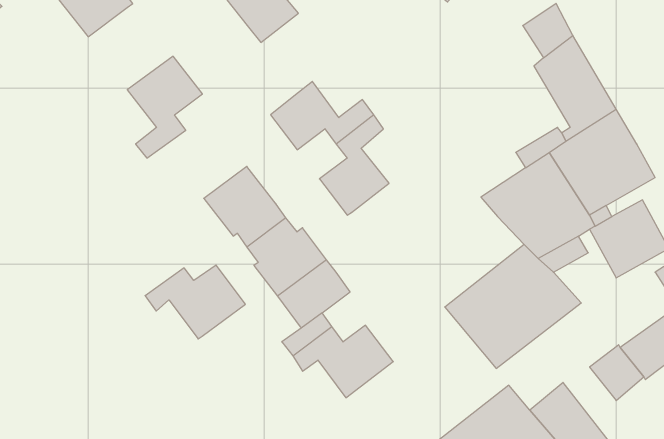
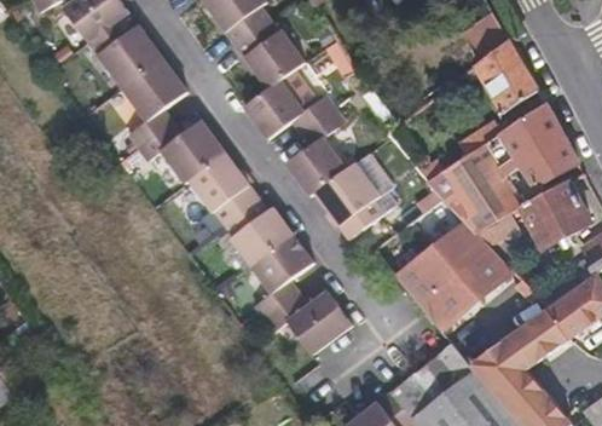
building: none -> [86,15,160,86]
building: none -> [236,19,306,88]
building: none -> [314,162,382,238]
building: [145,265,245,339] -> [137,119,224,183]

